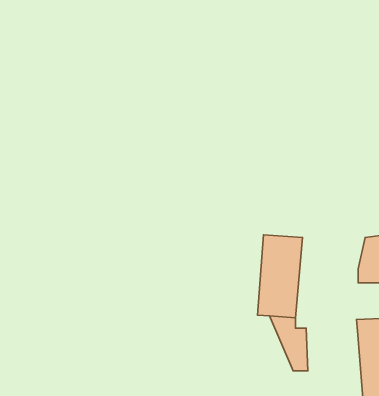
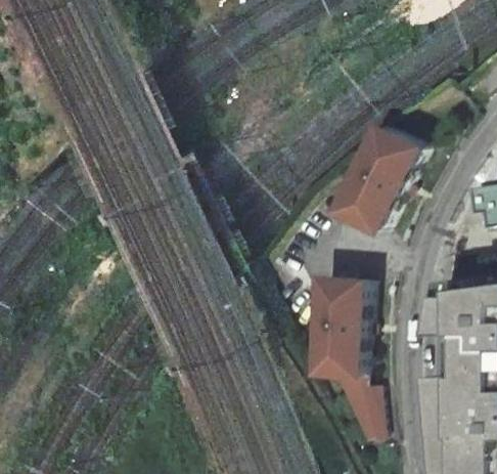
building: none -> [338,124,422,229]

